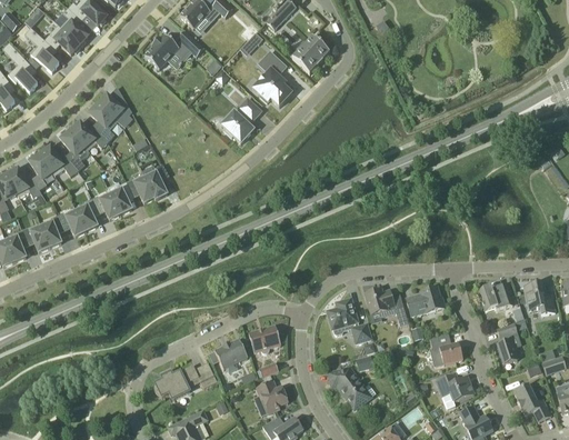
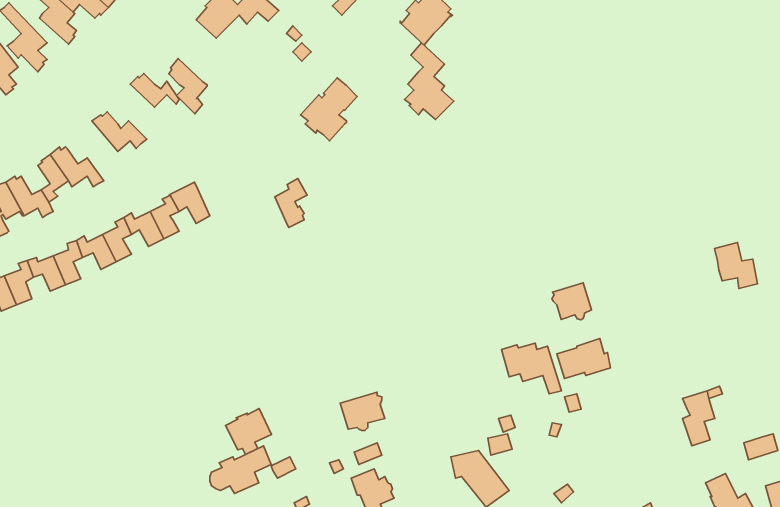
building: [257,51,292,107] -> [405,43,454,119]
building: [90,102,118,142] -> [169,59,207,114]
building: [61,129,90,172] -> none
building: [146,164,169,200] -> [275,178,307,227]
building: none -> [552,283,592,320]
building: [523,282,555,316] -> [714,242,757,288]
building: [478,284,512,311] -> none
building: [327,298,371,343] -> none
building: [428,334,463,367] -> none
building: [214,339,248,372] -> [226,409,272,455]
building: [436,376,473,402] -> none

